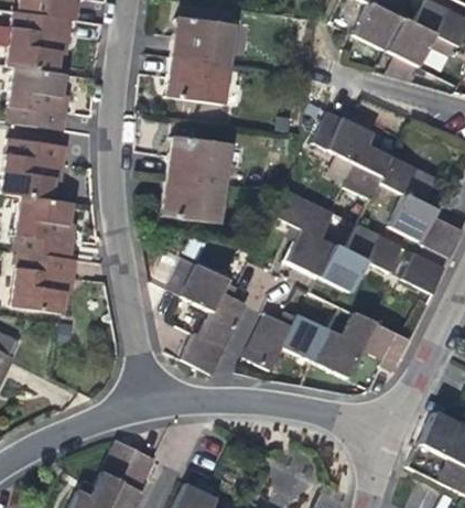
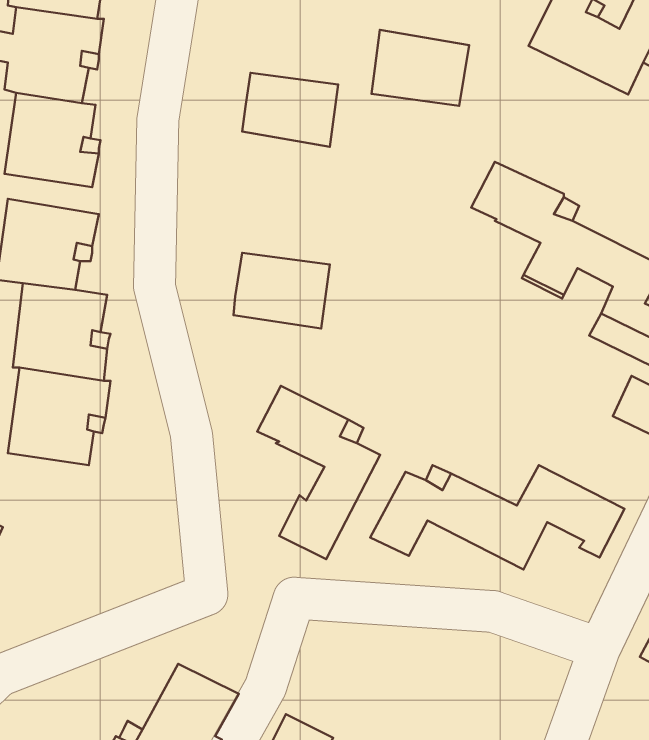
building: [167,13,231,63] -> [371,30,469,106]
building: [162,133,226,181] -> none
building: [279,194,404,294] -> none

